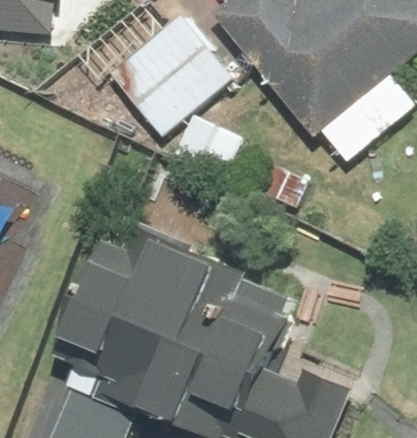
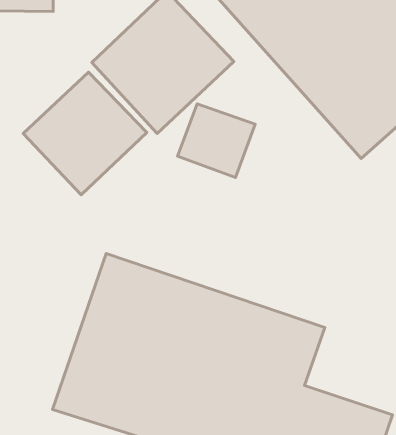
building: none -> [23,72,147,195]

